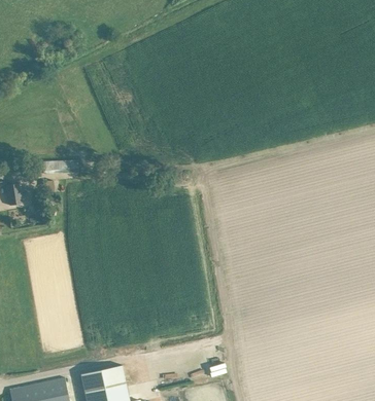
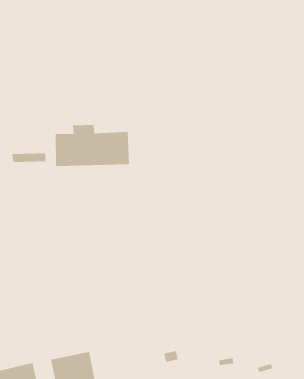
building: none -> [55,124,130,167]

